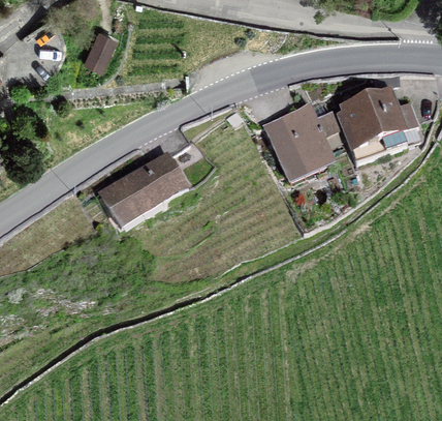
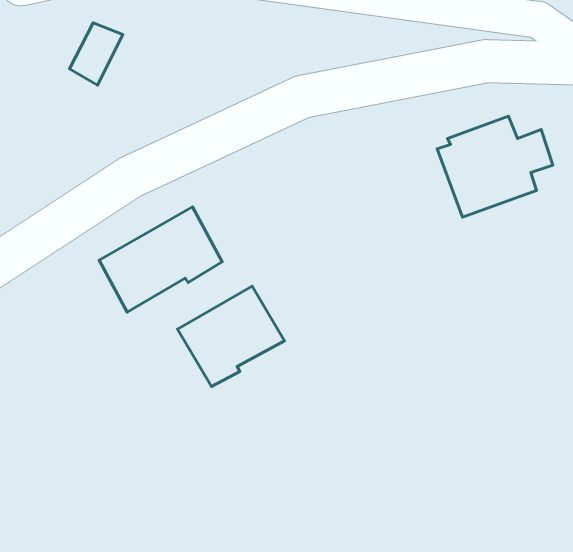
building: [263,103,338,172] -> none
building: none -> [177,286,284,387]

